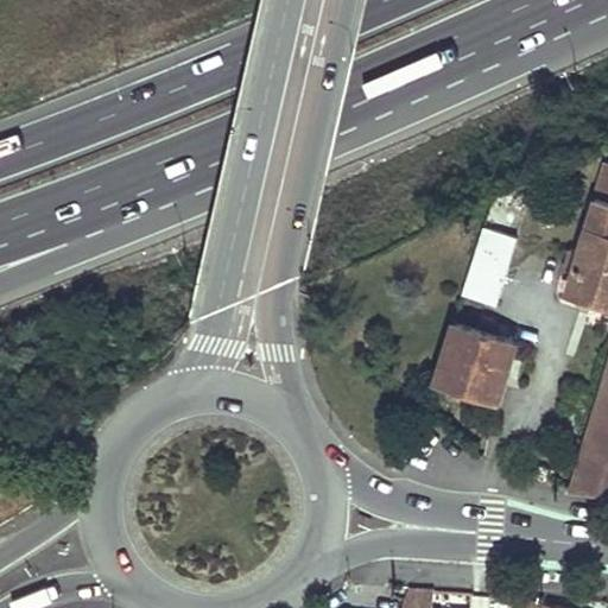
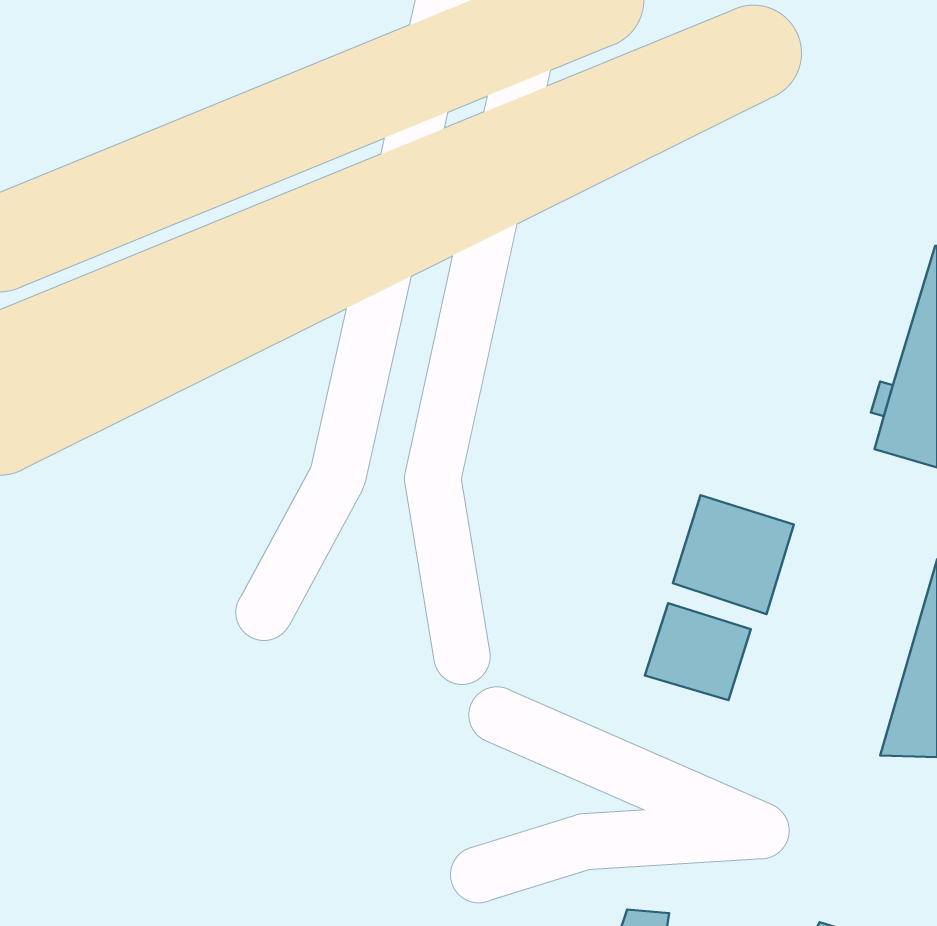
building: [462,233,518,311] -> none
building: none -> [645,603,751,700]

